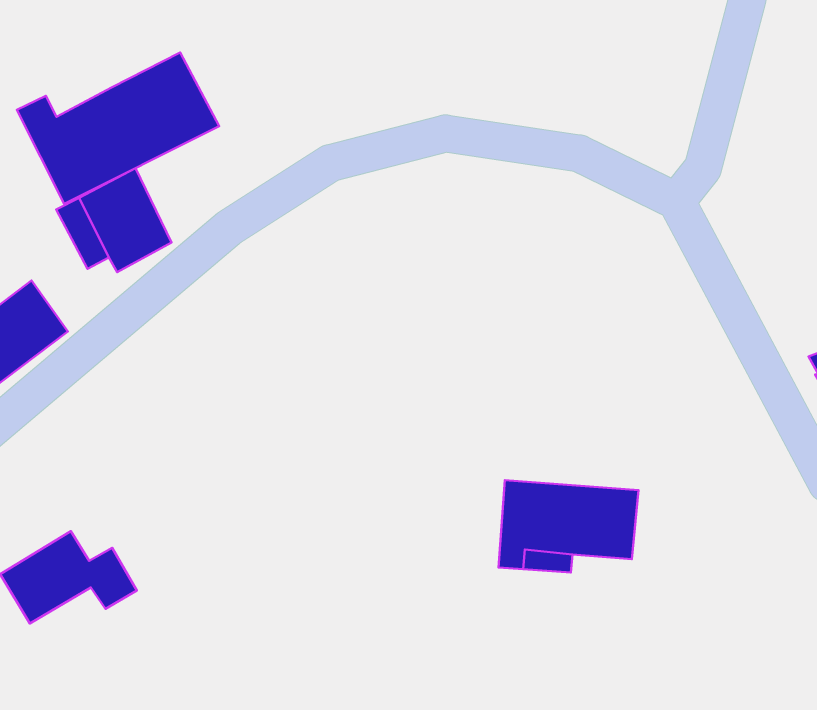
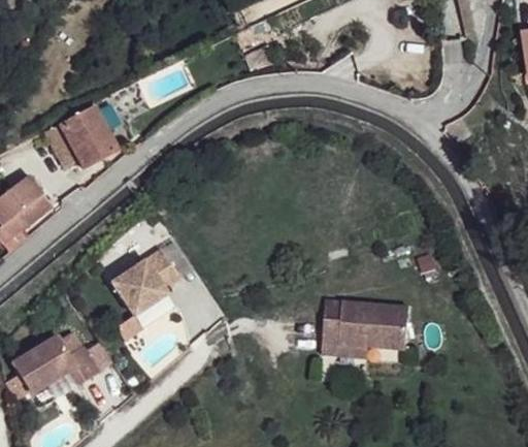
building: [17,53,219,204] -> none
building: none -> [110,246,180,313]

